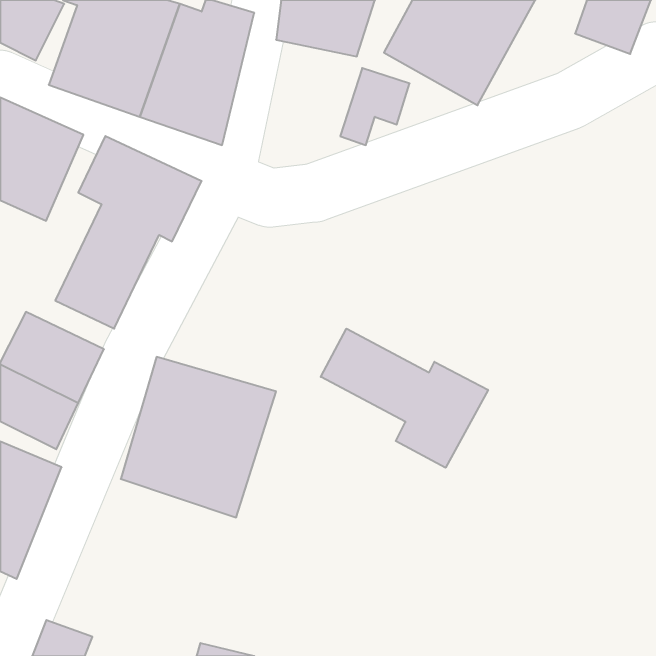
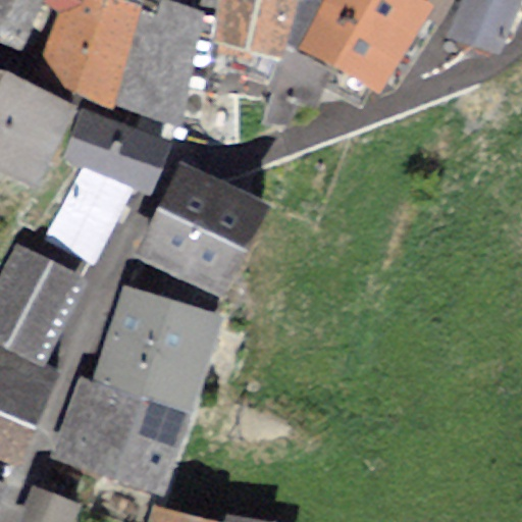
building: none -> [138,163,262,294]
building: [321,329,488,468] -> none
building: none -> [55,376,188,489]

